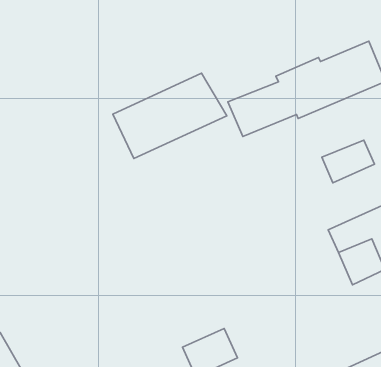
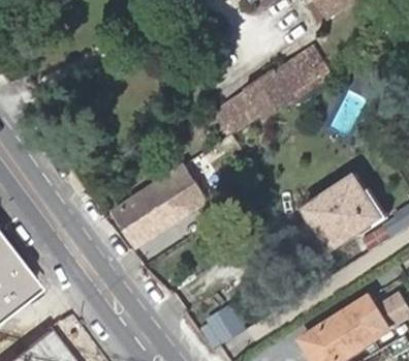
building: [113,73,227,159] -> [117,164,211,243]
building: [322,140,375,183] -> none

